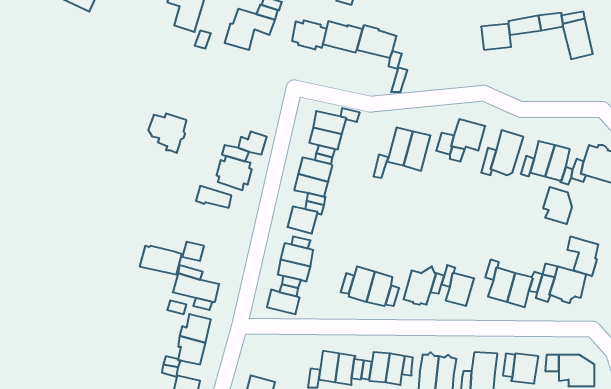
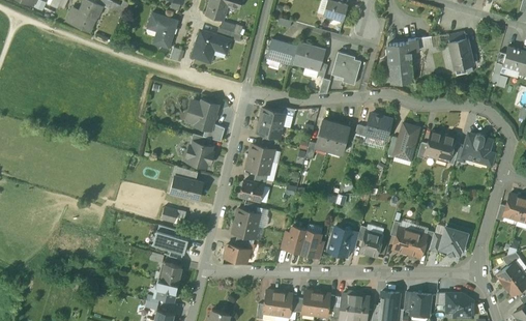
building: [292,20,327,50] -> none
building: none -> [331,52,360,84]
building: none -> [389,60,412,84]
building: [148,113,186,153] -> [188,100,217,130]
building: [543,187,572,224] -> none
building: [567,236,598,276] -> none
building: [140,246,182,275] -> [170,178,202,200]

